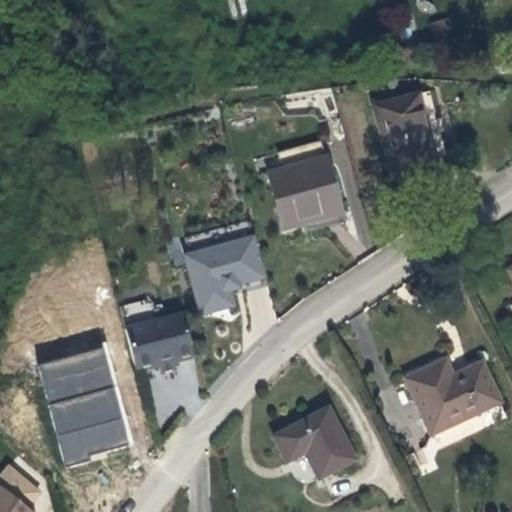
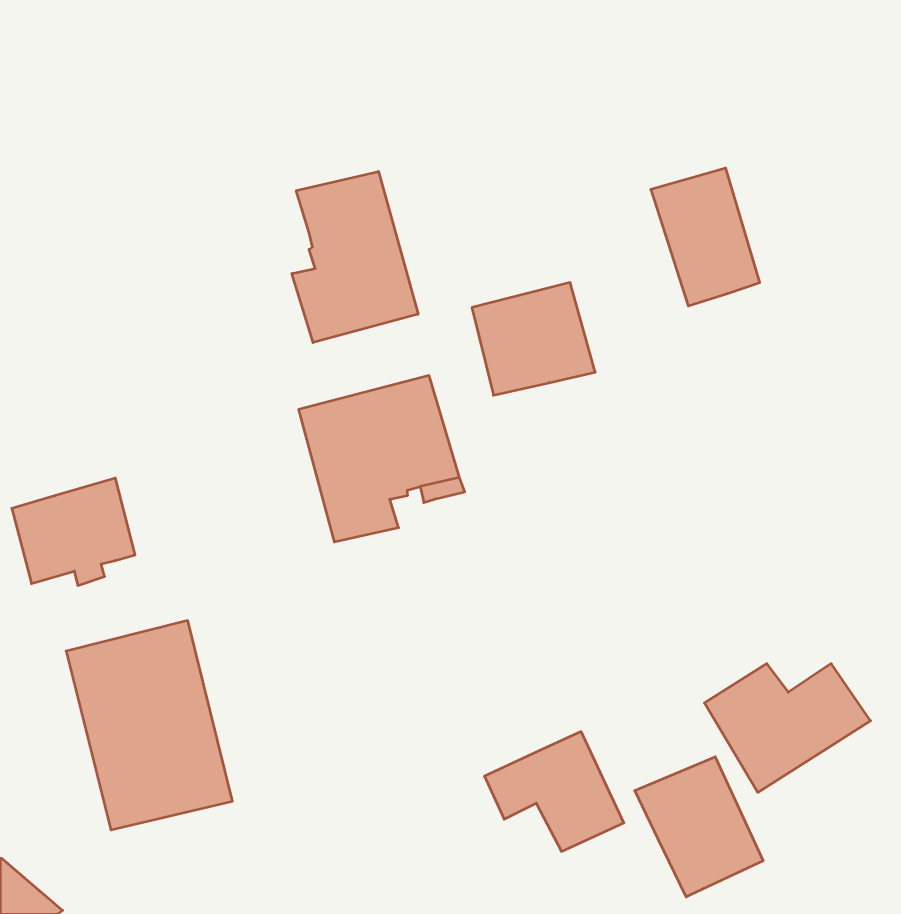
building: none -> [292,171,418,343]
building: [118,303,187,363] -> [12,478,135,585]
building: none -> [635,757,763,897]

